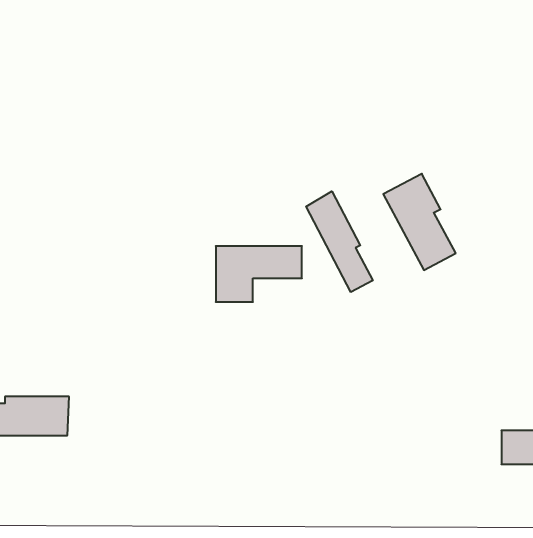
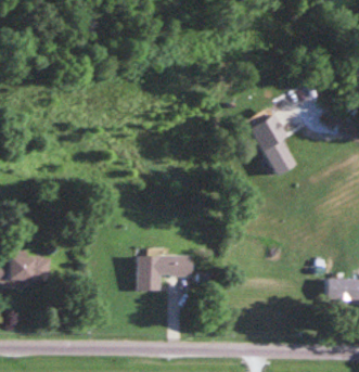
building: [306,191,373,292] -> none
building: [216,246,302,302] -> [136,255,191,291]

